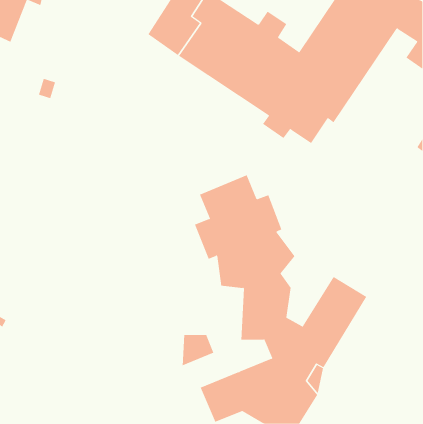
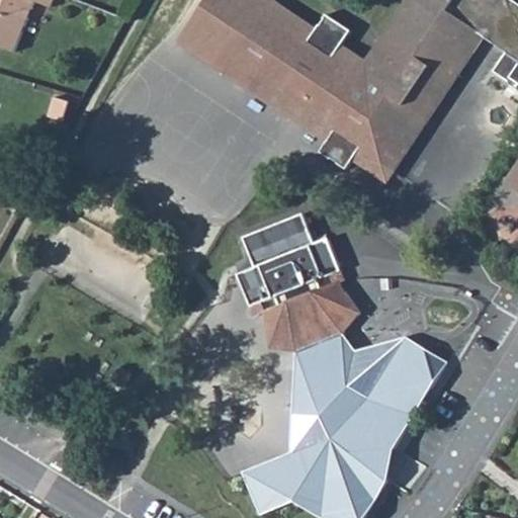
building: none -> [349,336,405,397]
building: [182,335,214,366] -> [290,414,330,452]

